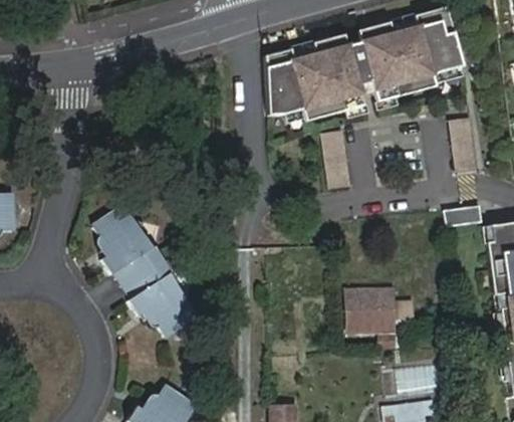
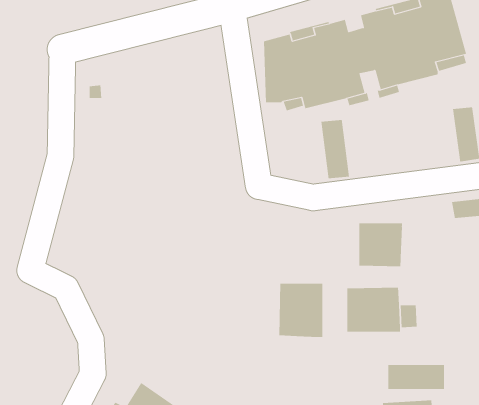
building: [87,202,188,330] -> none
building: none -> [359,222,402,267]
building: none -> [279,283,323,338]

